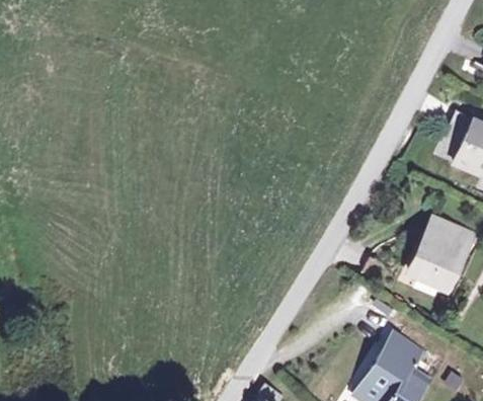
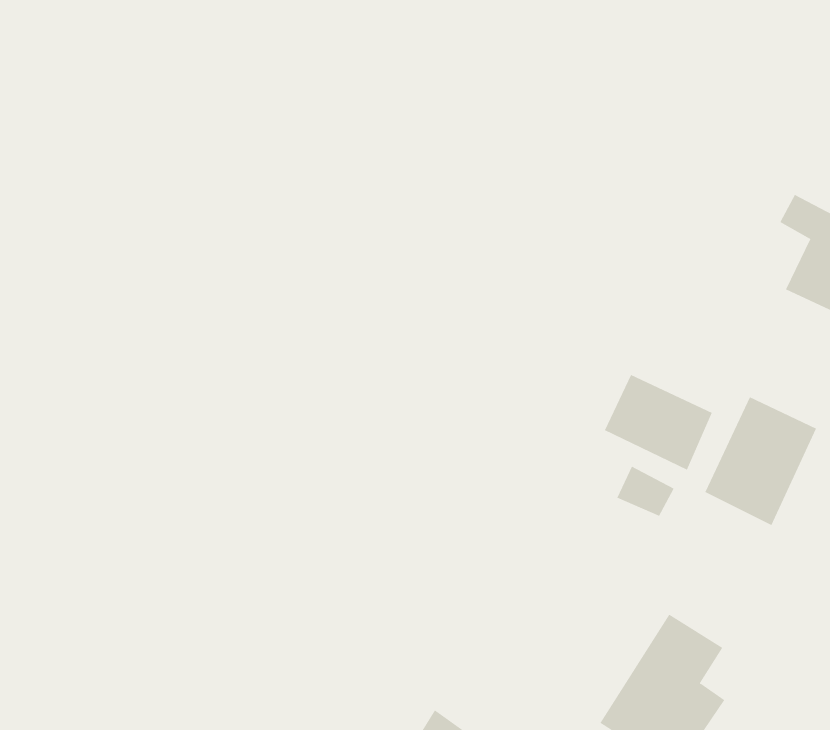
building: none -> [604,374,713,470]

